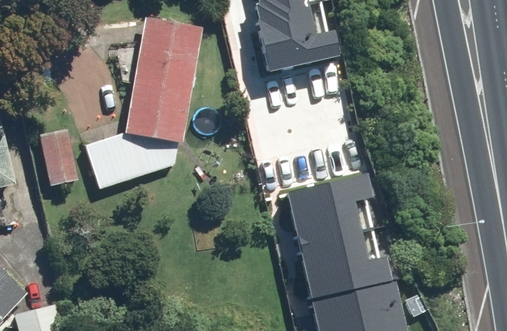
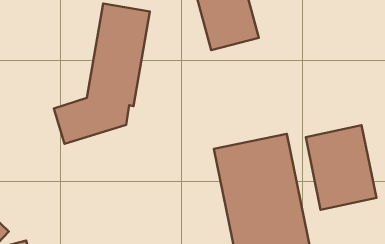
building: [40,132,78,183] -> none
building: none -> [306,125,376,210]

